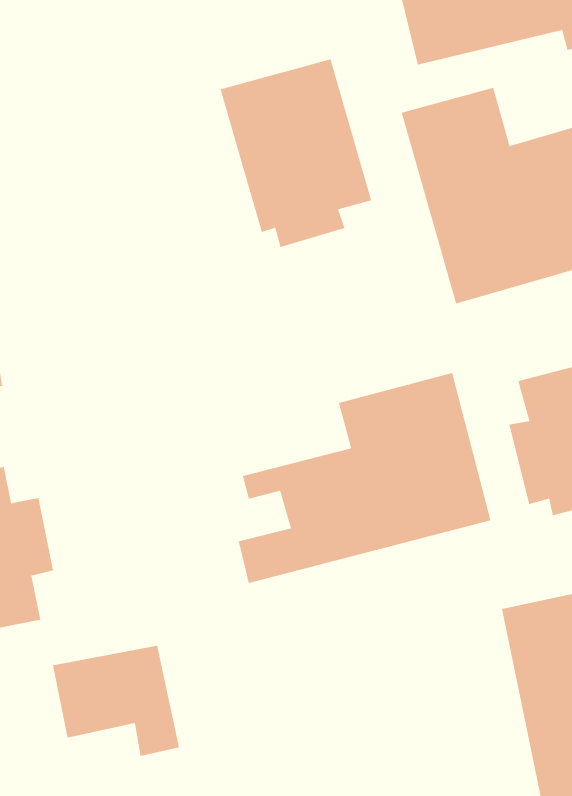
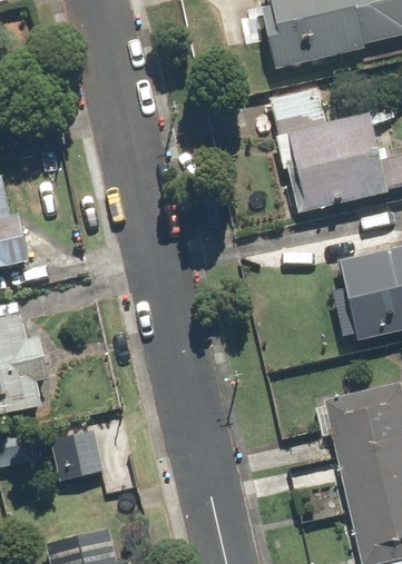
building: [220,58,372,248] -> none
building: [238,372,491,584] -> none

